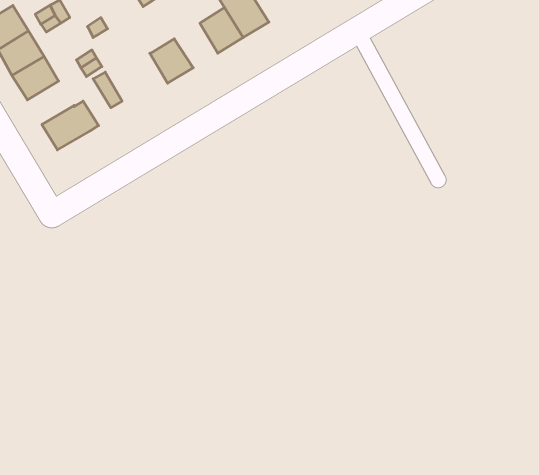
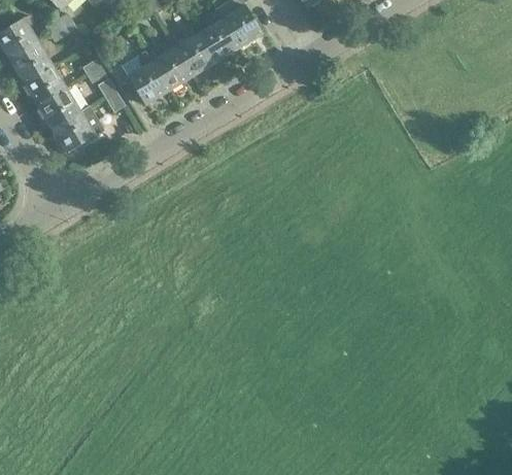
building: none -> [173,34,213,75]
building: none -> [110,52,167,104]
building: none -> [37,88,80,128]

